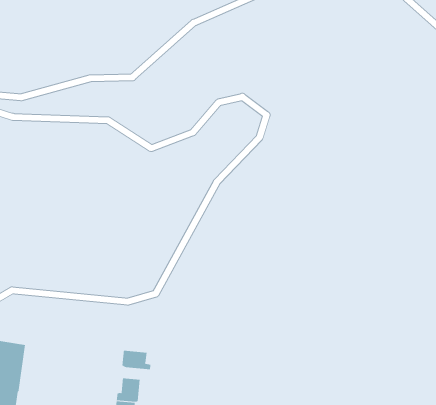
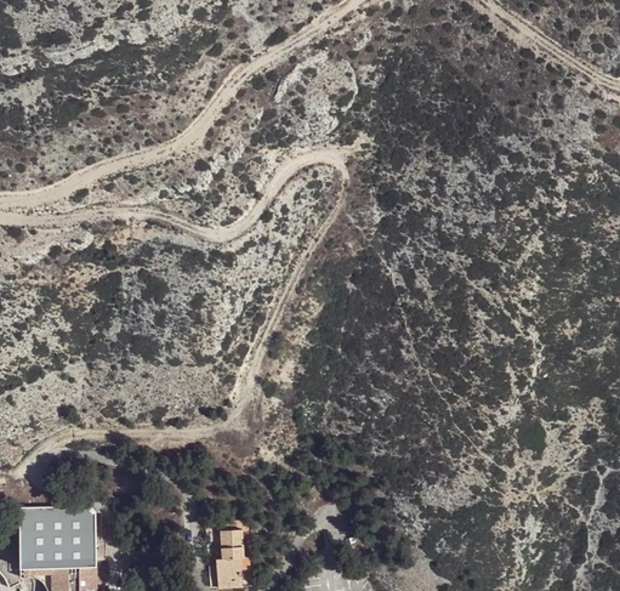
building: [122,350,151,370] -> none

